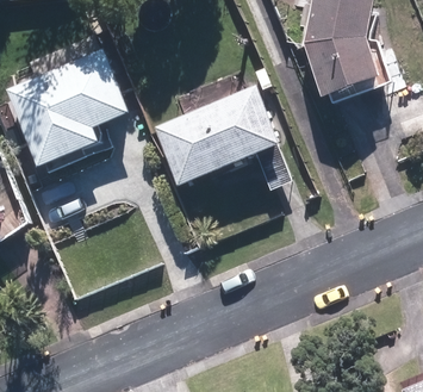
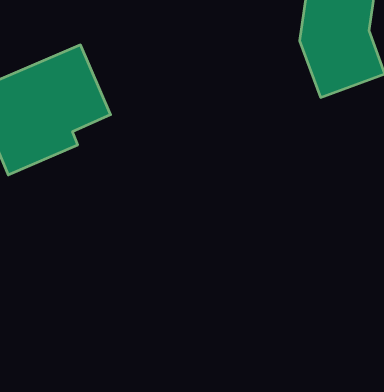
building: [154,85,281,186] -> none

